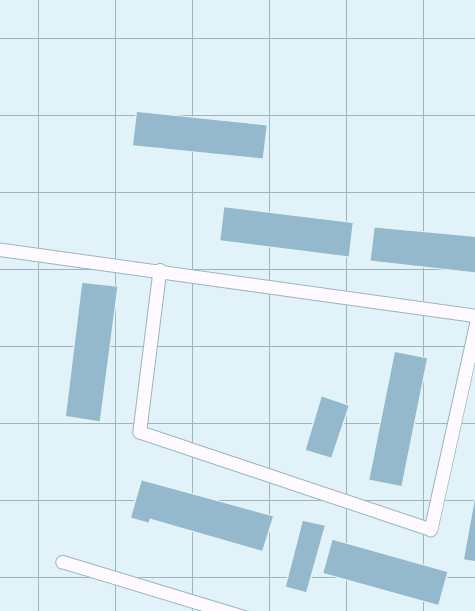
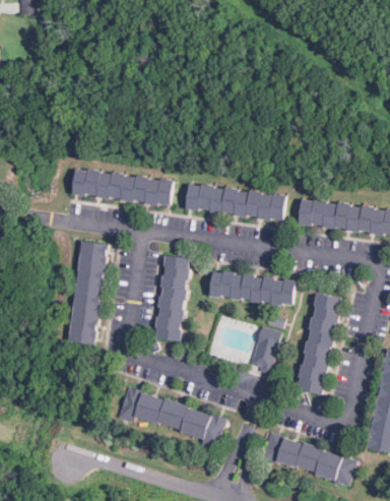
building: [132,112,267,159] -> [72,170,174,205]
building: none -> [155,255,189,341]
building: none -> [209,271,295,305]
building: [285,520,325,593] -> none

